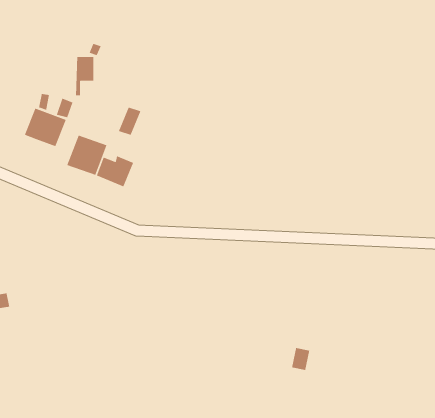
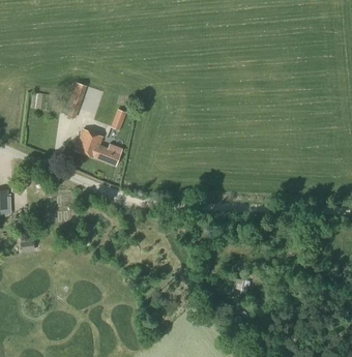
building: [24,108,67,147] -> none

